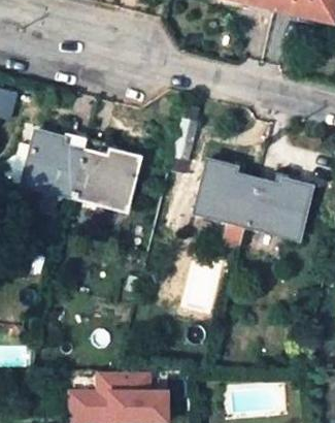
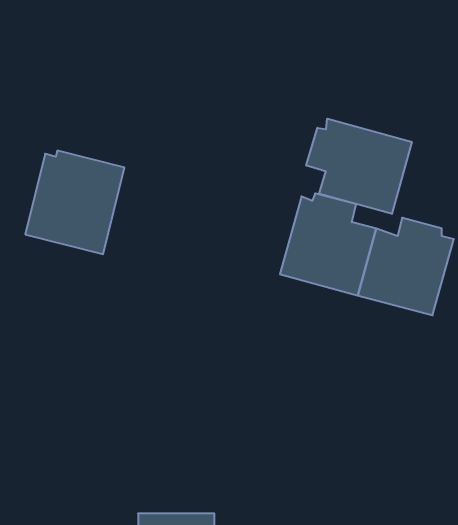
building: none -> [306,119,412,214]
building: [75,139,140,210] -> none

